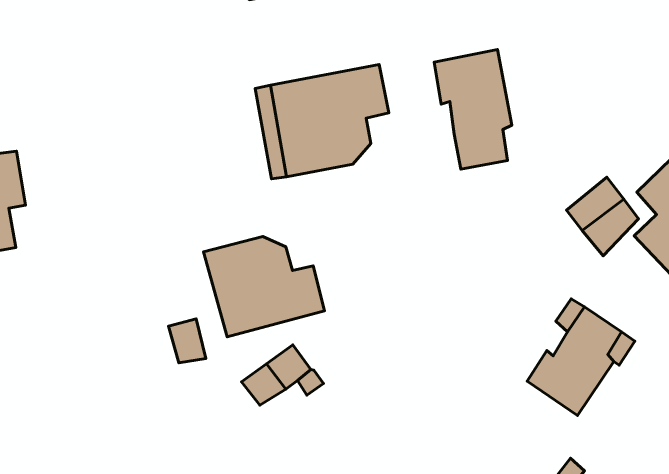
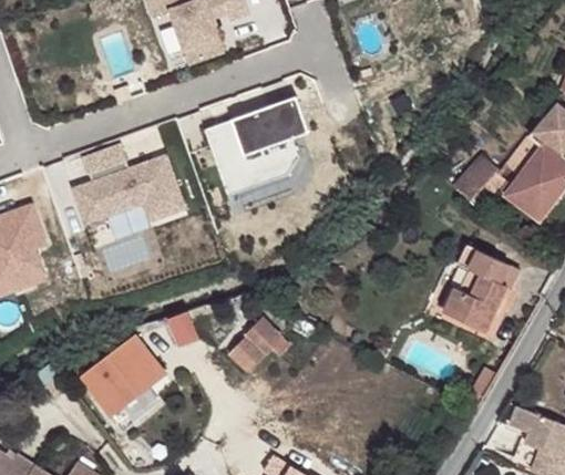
building: [434,50,512,169] -> none
building: none -> [72,142,183,223]
building: [203,236,324,337] -> none
building: none -> [78,339,162,413]

